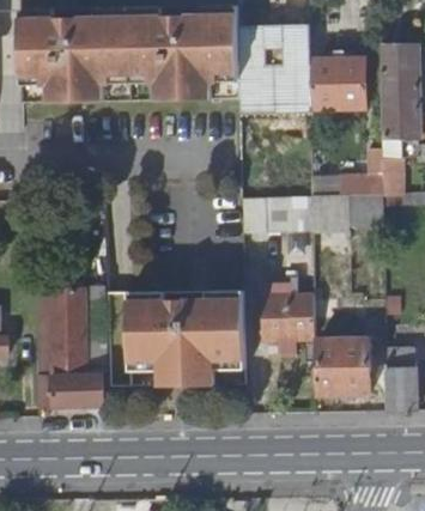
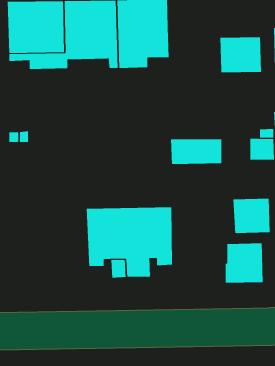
building: [238,24,309,104] -> none
building: [311,195,348,226] -> none
building: [37,287,103,406] -> none
building: [262,293,314,341] -> [233,198,270,234]

